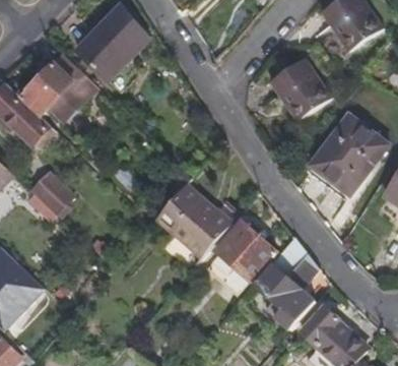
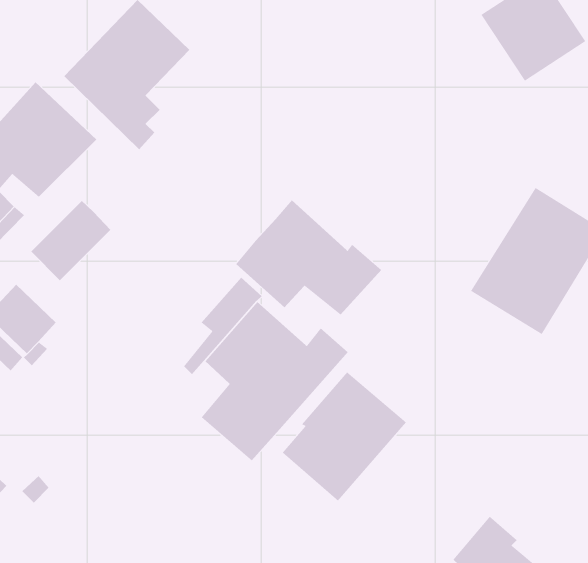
building: [267,60,330,123] -> none
building: none -> [236,199,382,316]
building: none -> [30,200,111,281]
building: [256,237,318,326] -> none

